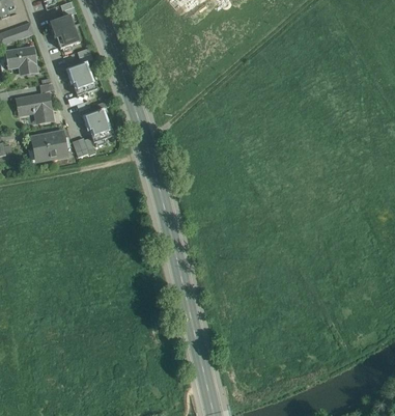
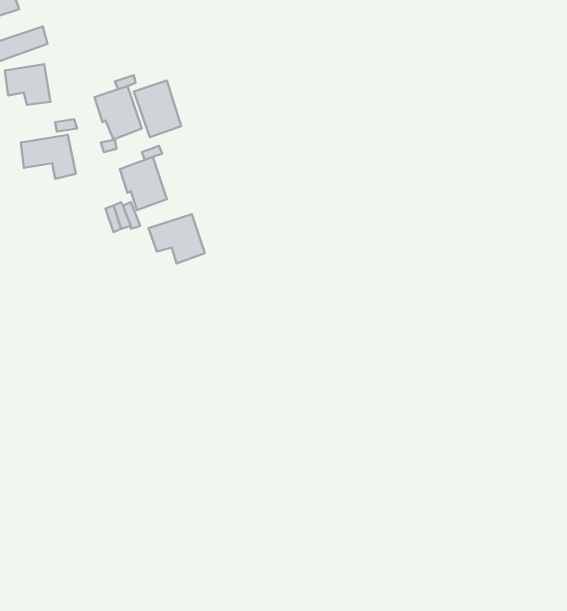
building: [49,10,80,48] -> [134,81,181,137]
building: [32,130,65,157] -> none
building: none -> [148,214,205,264]

